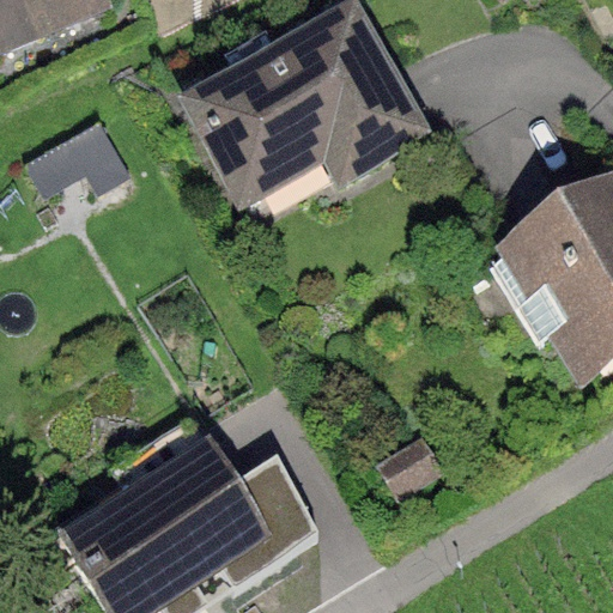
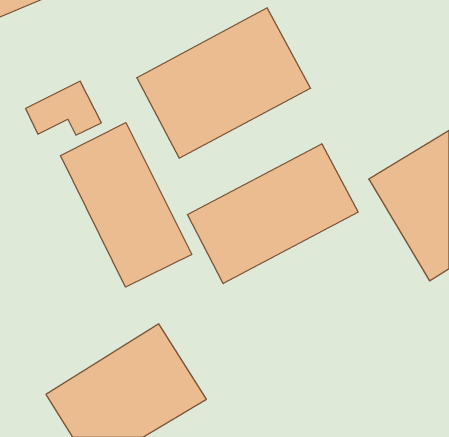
building: none -> [60,123,192,287]
building: none -> [187,144,358,284]

